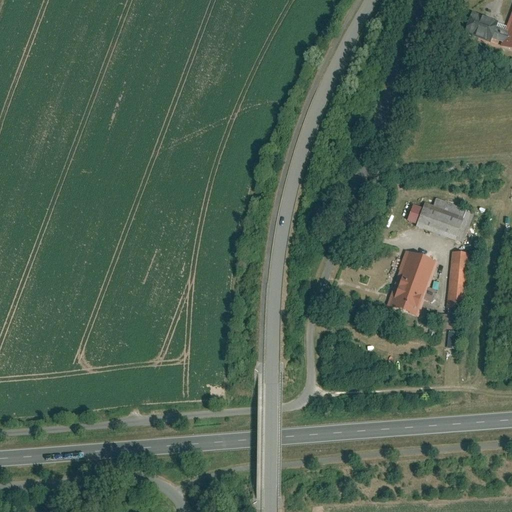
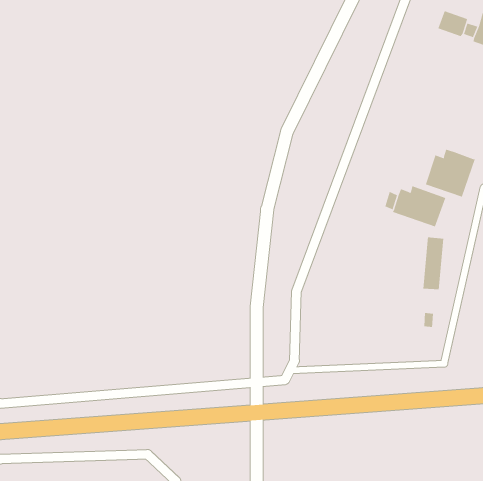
building: none -> [425,149,476,198]
building: [385,248,437,315] -> none

